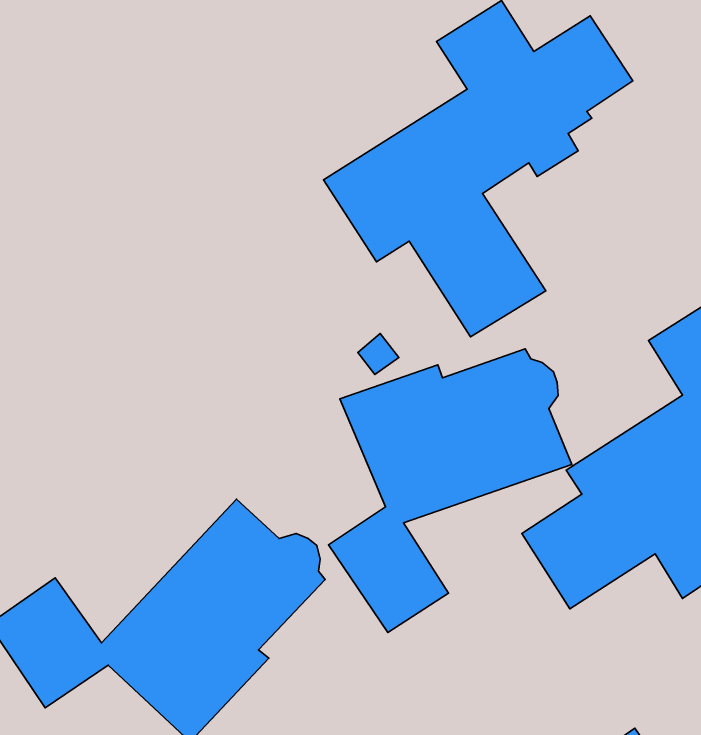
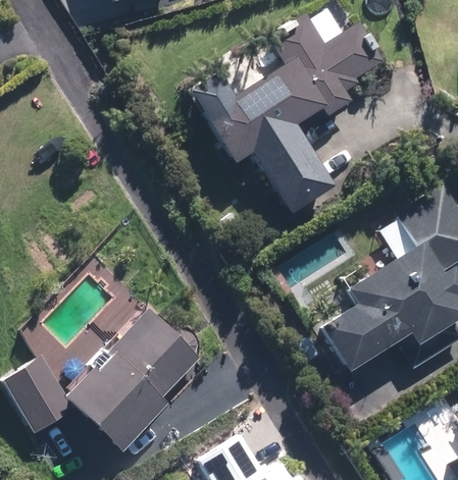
building: [329,349,572,633] -> none

